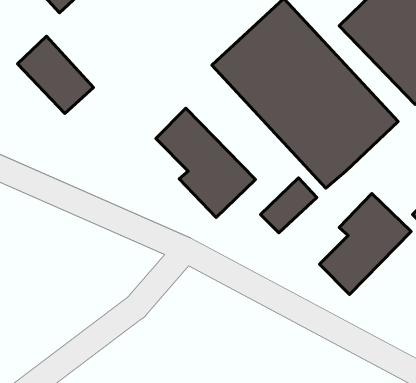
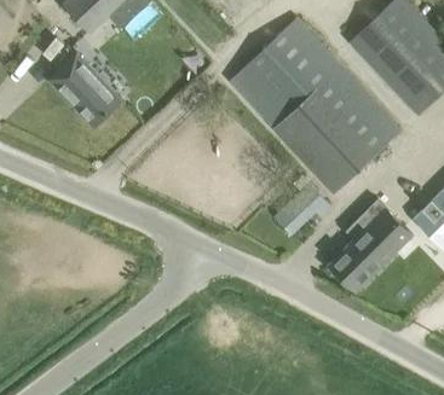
building: [156,108,256,217] -> none

